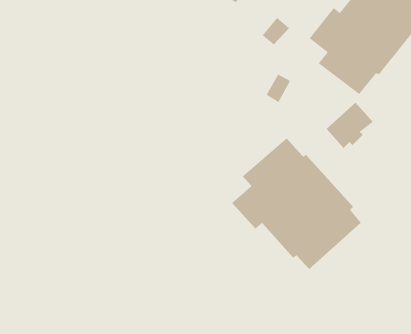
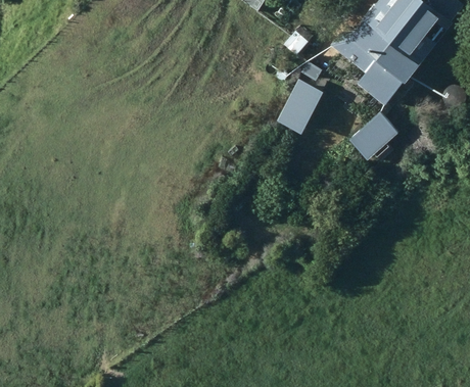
building: [231,137,361,270] -> none

